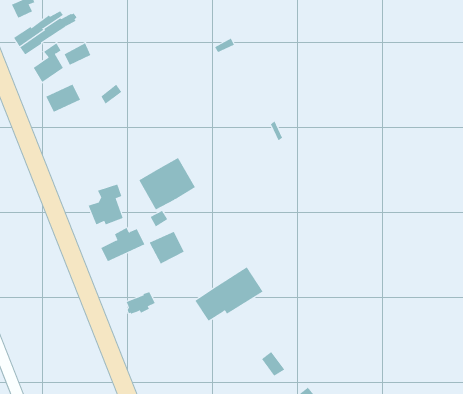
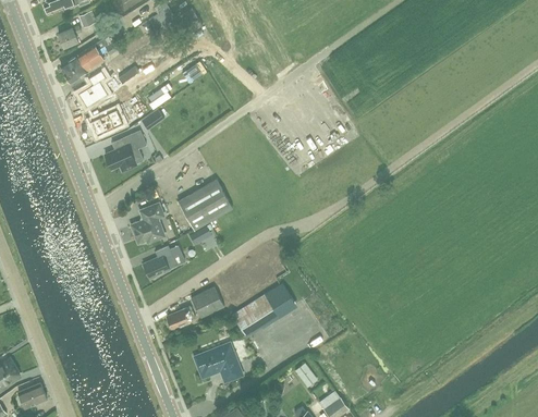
building: none -> [106,130,147,170]
building: [149,231,184,264] -> [191,286,224,318]
building: none -> [194,343,242,380]

